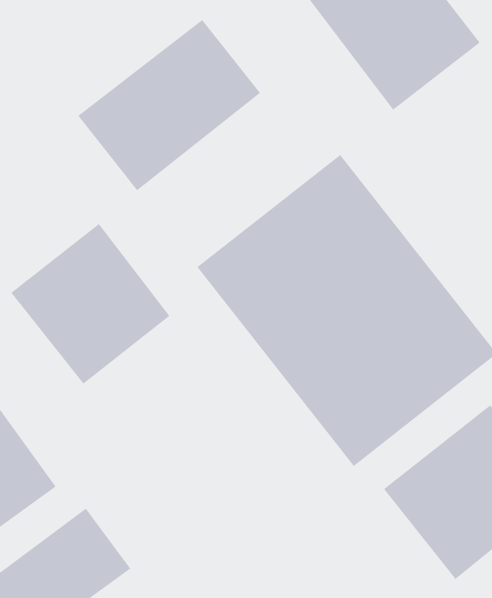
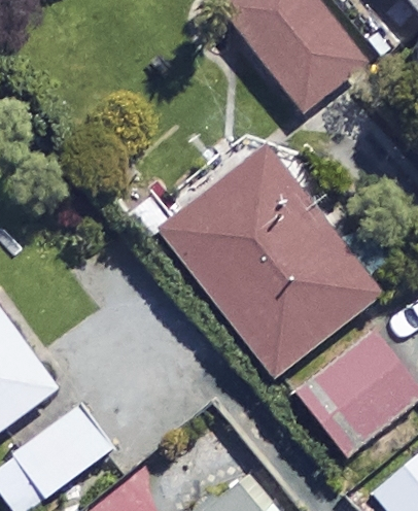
building: [78,19,261,191] -> none
building: [11,223,170,384] -> none

